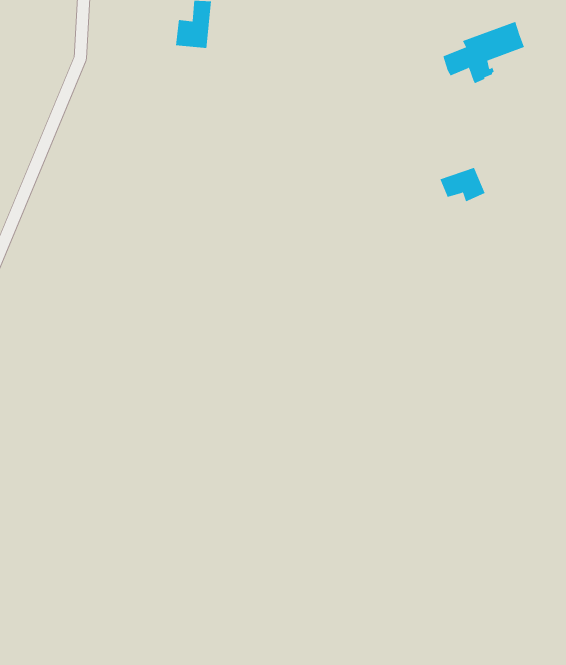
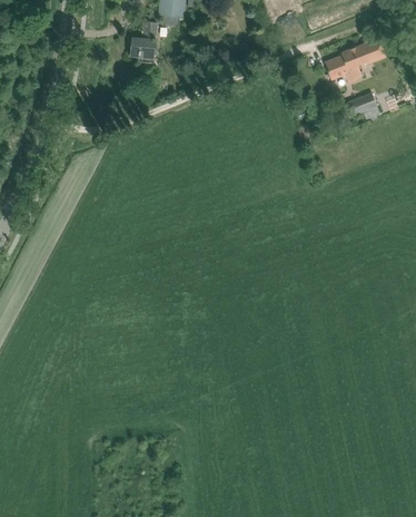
building: [440,167,485,202] -> [346,94,379,119]

